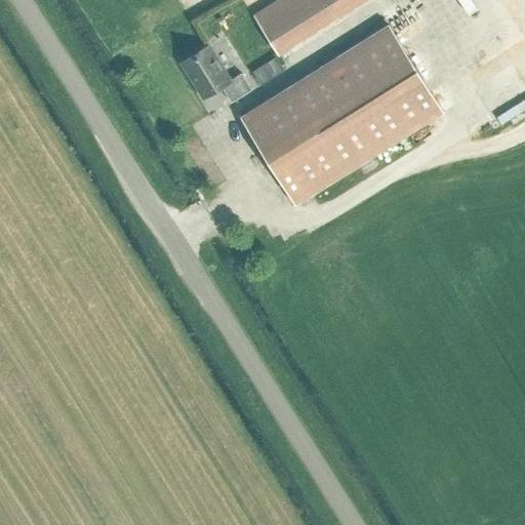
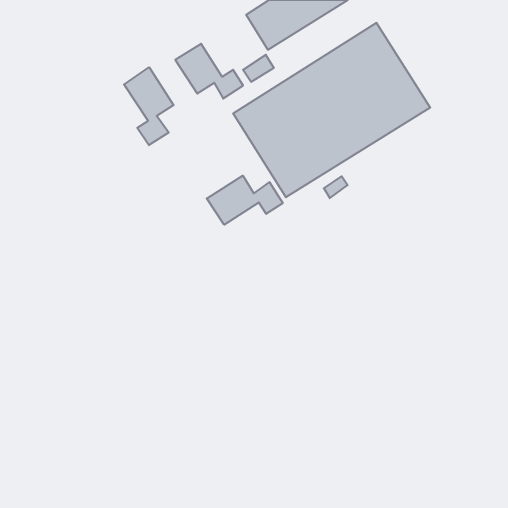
building: none -> [124,67,174,145]
building: none -> [207,176,283,225]

